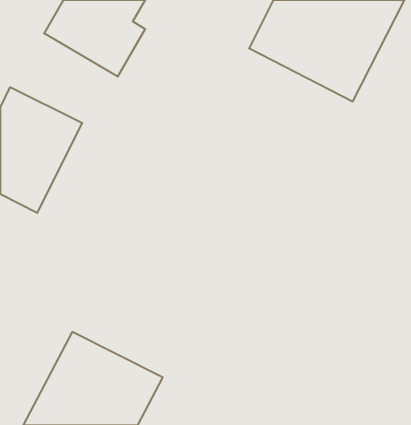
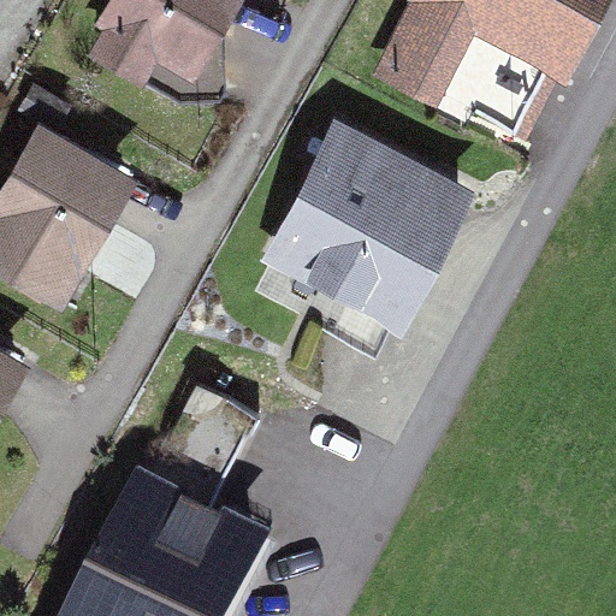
building: none -> [263,122,466,327]

